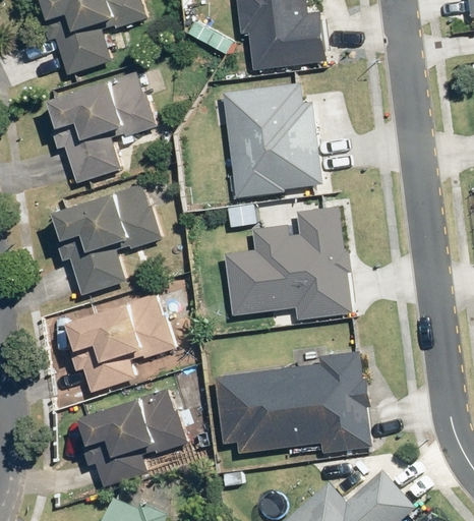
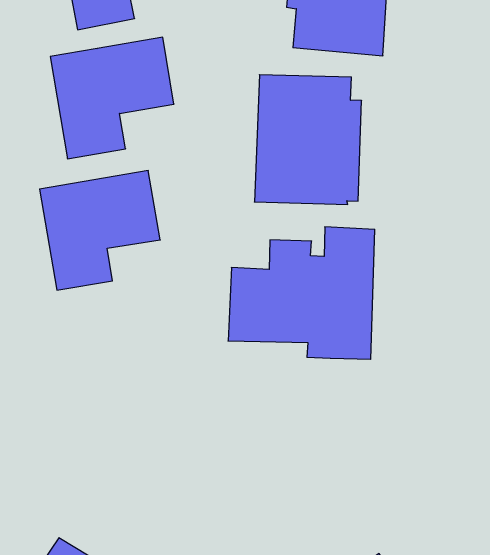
building: [69,296,173,392] -> none
building: [215,350,369,454] -> none
building: [81,390,185,485] -> none

